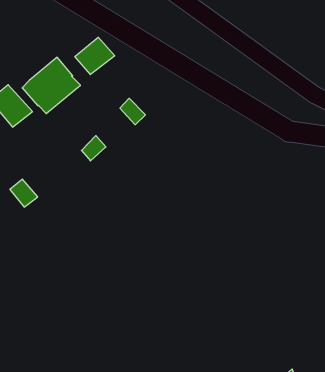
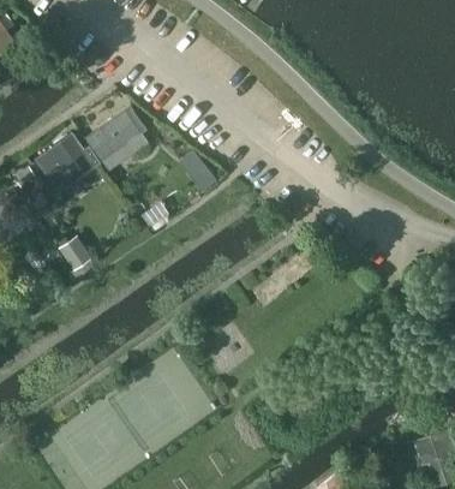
building: [75,37,115,75] -> none

